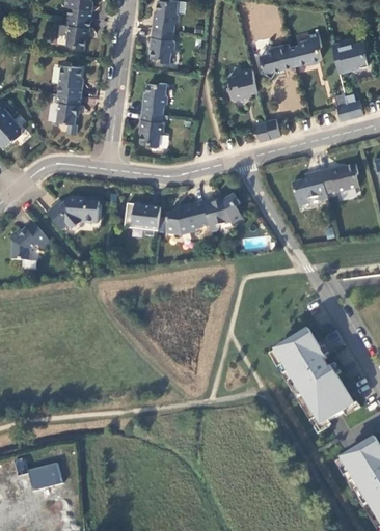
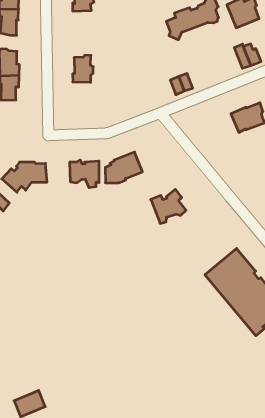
building: [151,29,175,63] -> none
building: [228,68,259,99] -> none
building: [140,111,164,146] -> none
building: [292,171,327,204] -> none
building: [203,193,243,230] -> [151,189,186,223]

